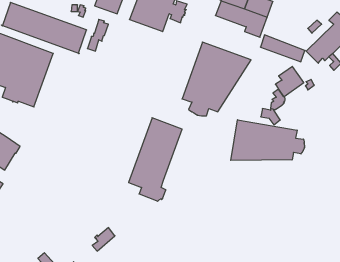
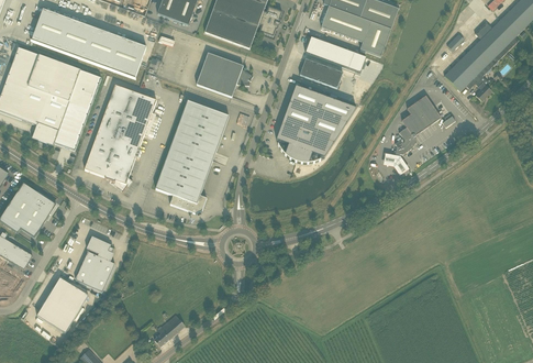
building: none -> [196,52,252,96]
building: [260,35,305,62] -> [304,35,365,72]
building: none -> [84,84,155,190]
building: [129,118,182,201] -> [155,99,227,212]
building: [231,120,304,160] -> none
building: none -> [75,237,114,290]
building: none -> [35,277,87,333]

